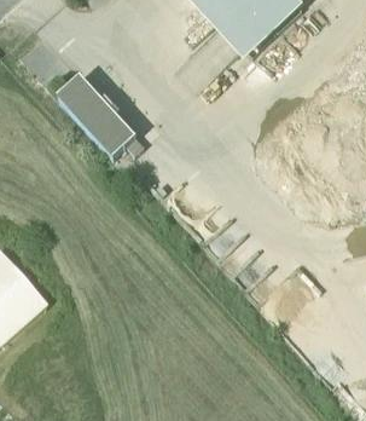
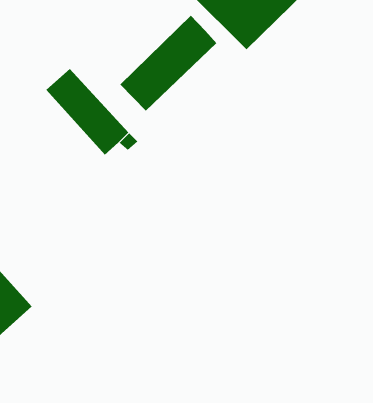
building: none -> [119,15,217,112]

